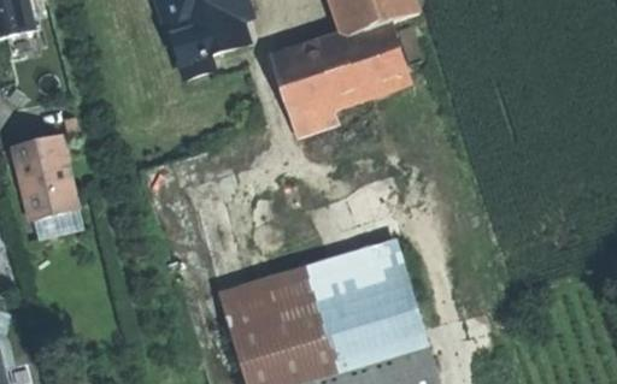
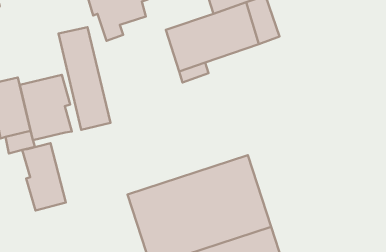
building: none -> [59,27,110,130]
building: none -> [20,75,72,140]
building: none -> [22,143,66,210]

